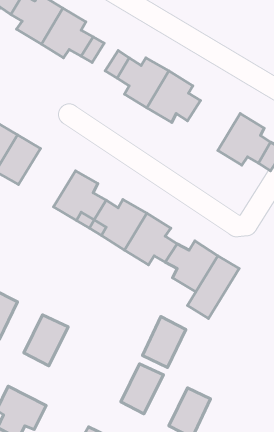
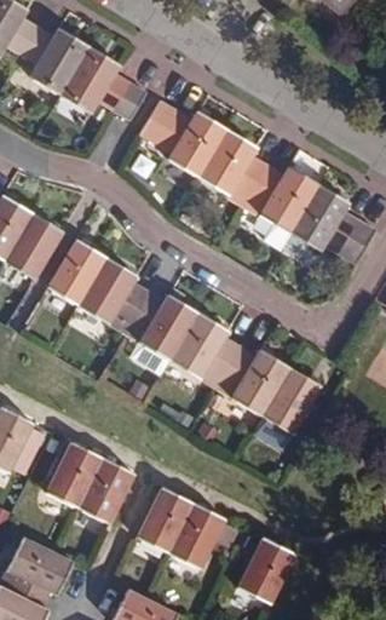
building: none -> [255,166,324,231]
building: none -> [52,241,109,305]
building: [142,317,186,367] -> [136,494,192,561]
building: none -> [74,463,132,529]

